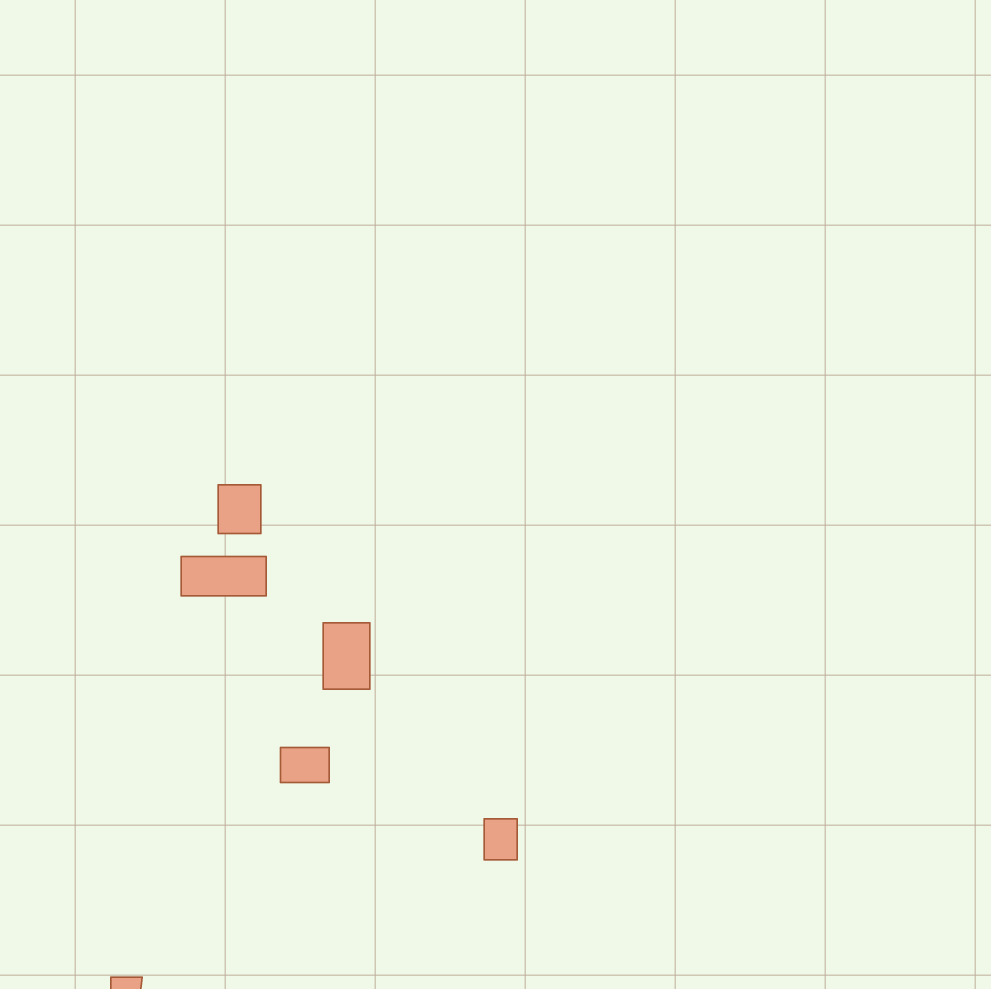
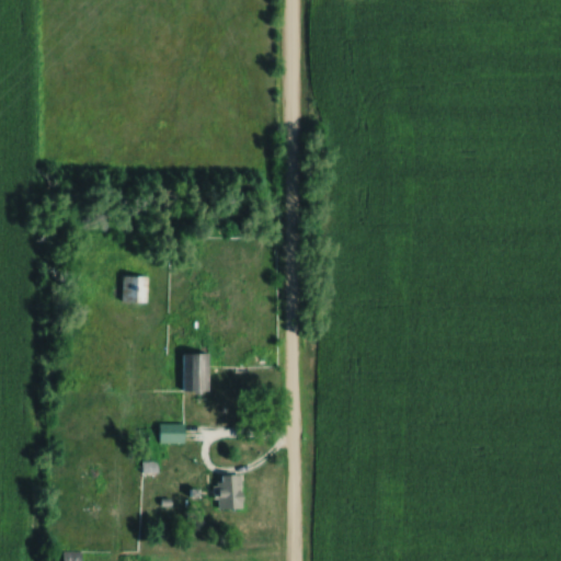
building: [181,557,266,596] -> none
building: [484,819,517,860] -> [225,476,243,499]

